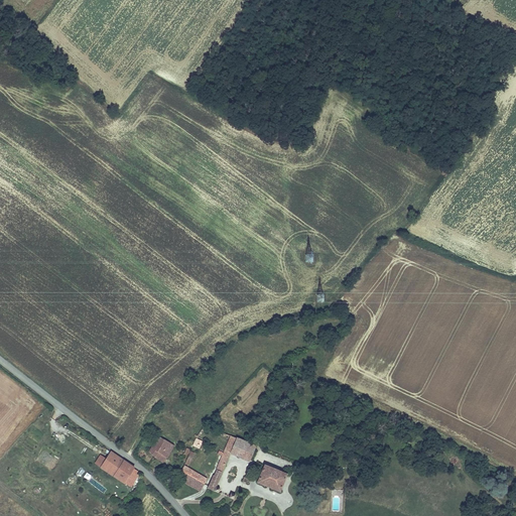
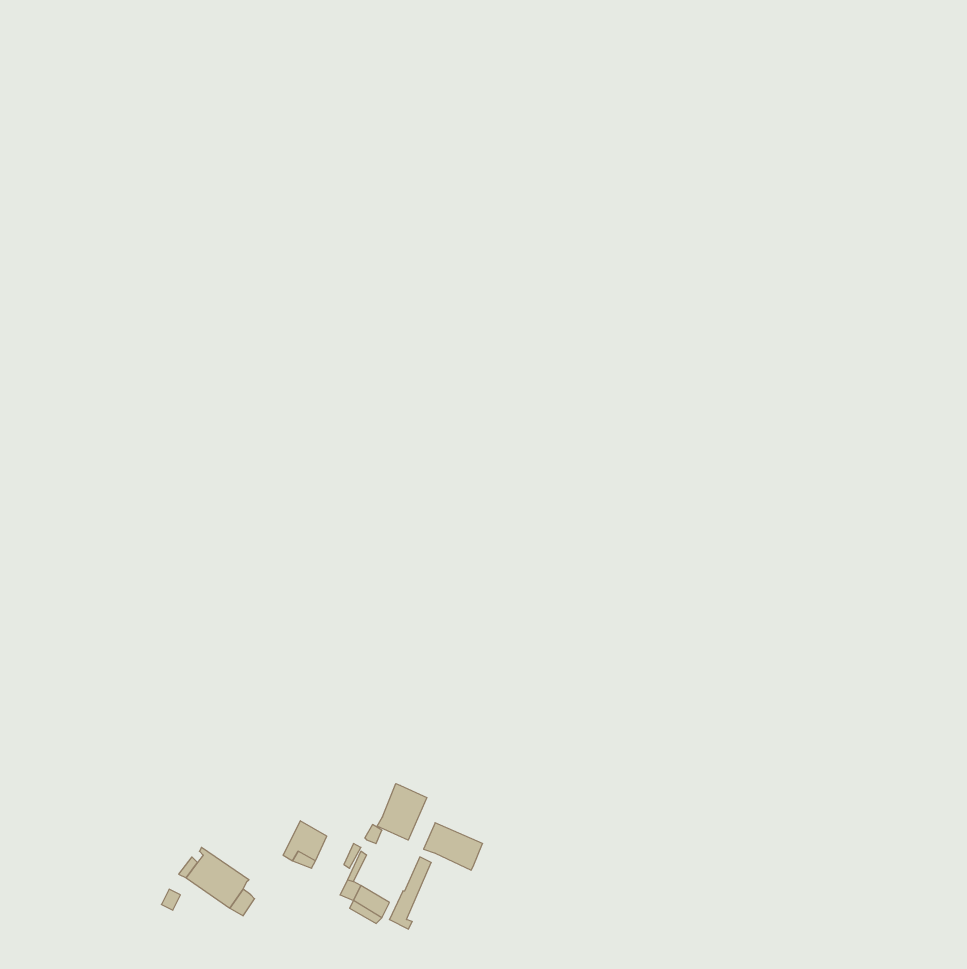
building: none -> [377,784,427,840]
building: [257,466,285,492] -> none

